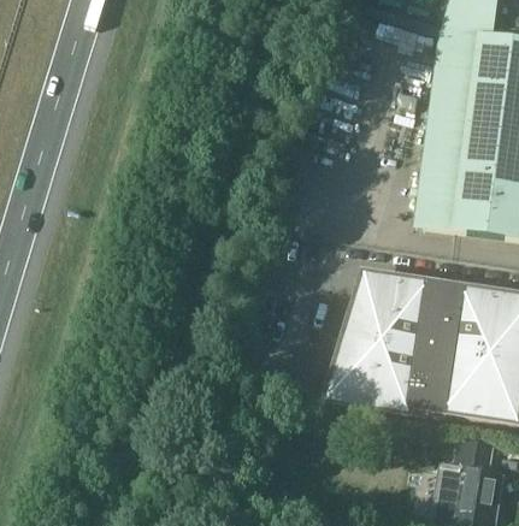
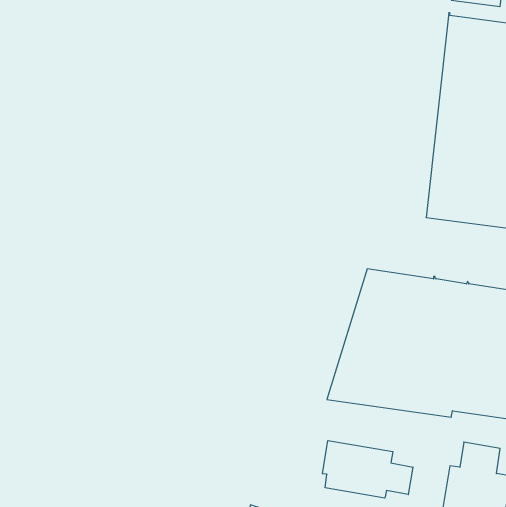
building: none -> [322,441,413,498]

